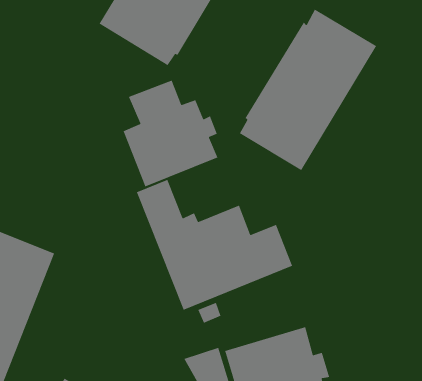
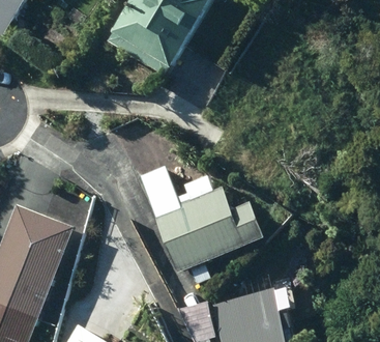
building: [239,8,377,171] -> none
building: [122,80,219,187] -> none

